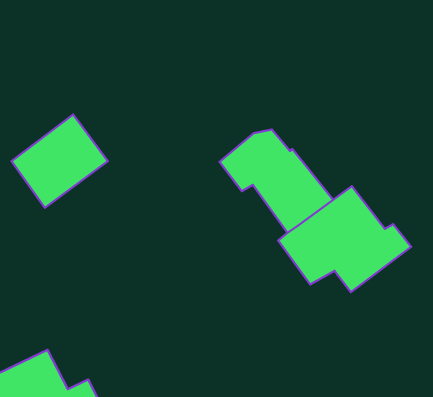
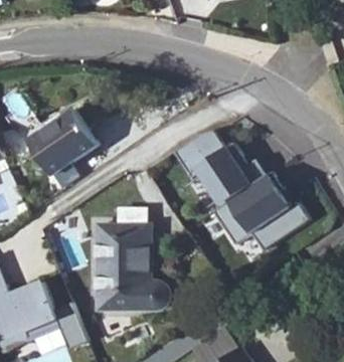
building: none -> [97,225,169,311]

